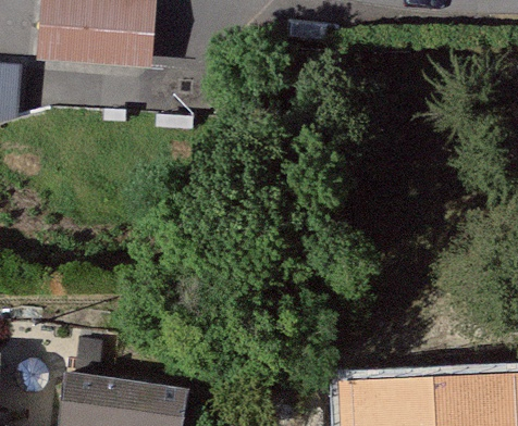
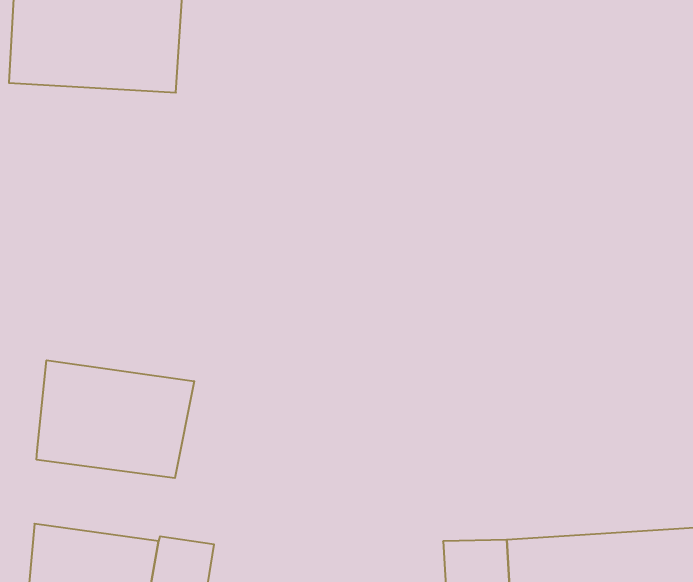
building: none -> [37,360,194,478]

